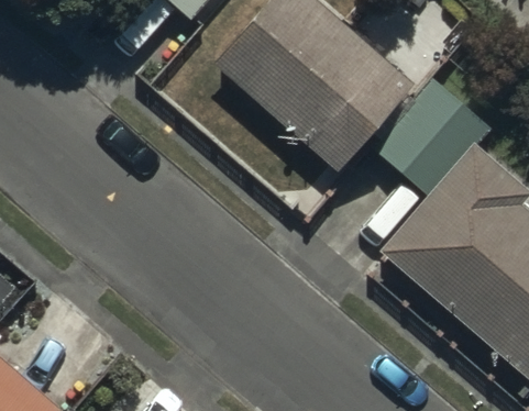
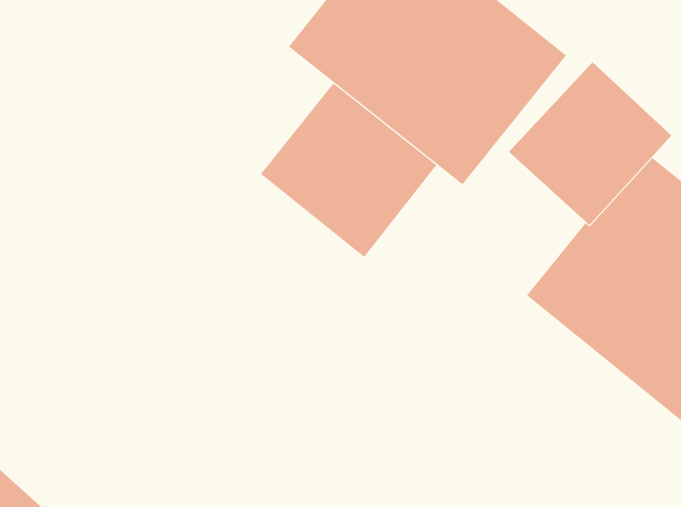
building: none -> [260,83,437,258]

